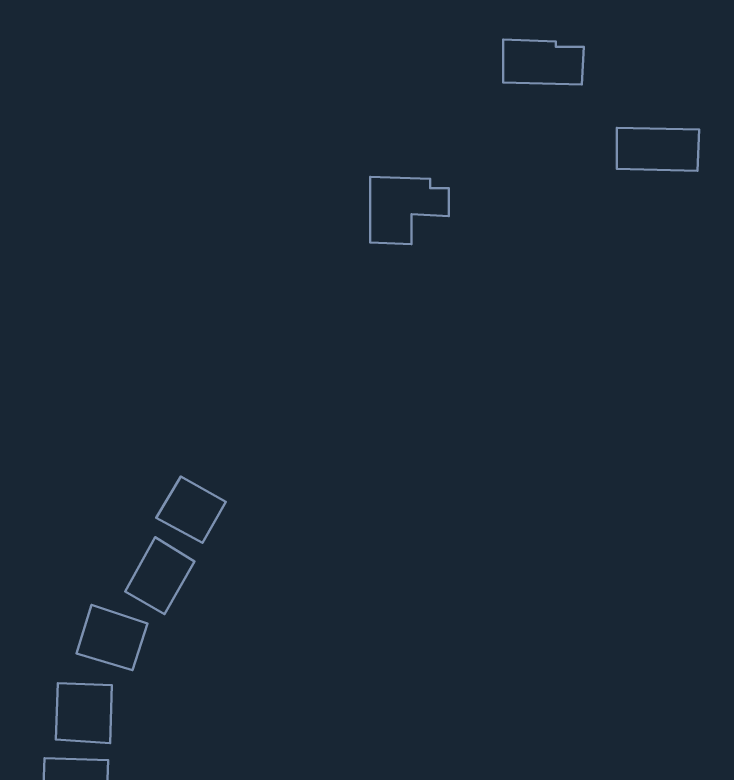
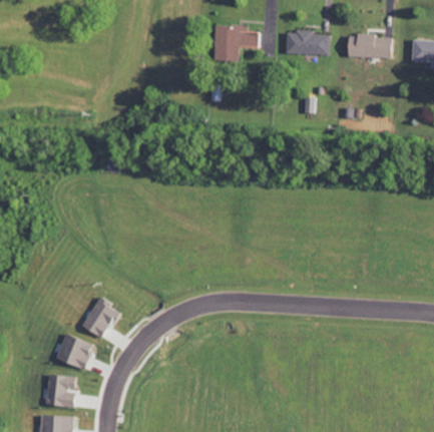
building: [617,128,699,171] -> [348,35,392,58]
building: [370,177,449,244] -> [215,26,258,62]
building: [156,476,226,543] -> none

